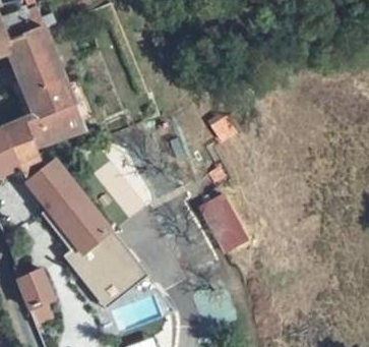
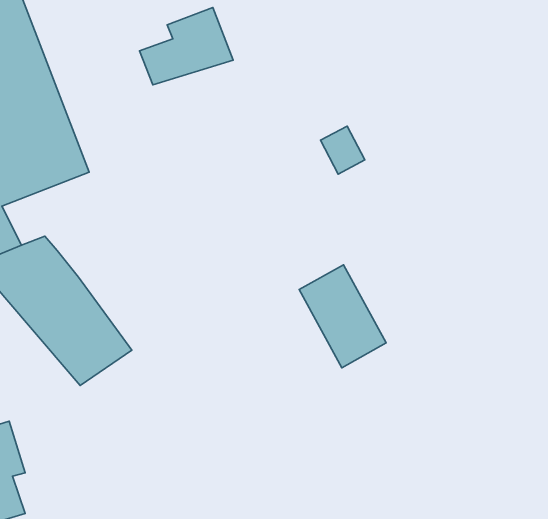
building: none -> [139,8,233,85]
building: [42,218,141,314] -> none

